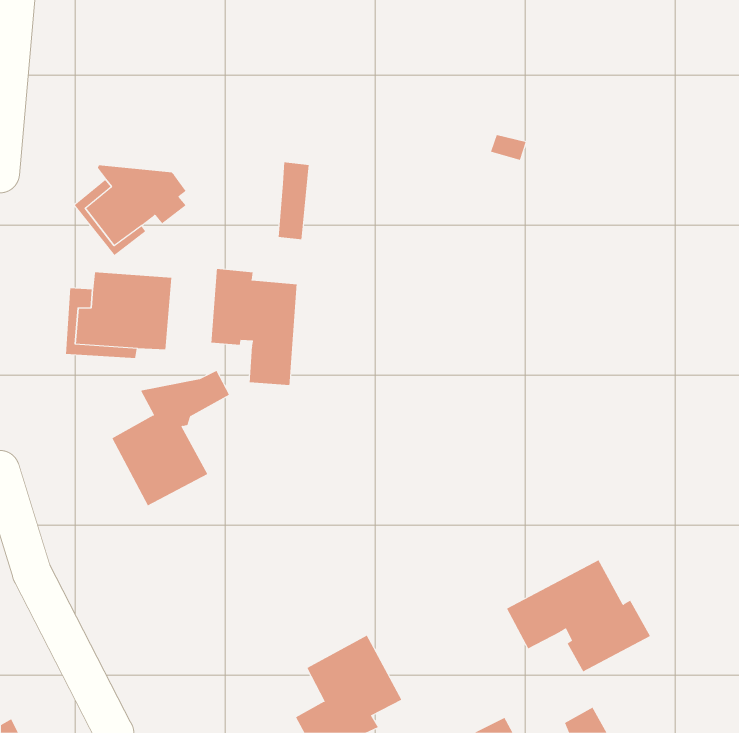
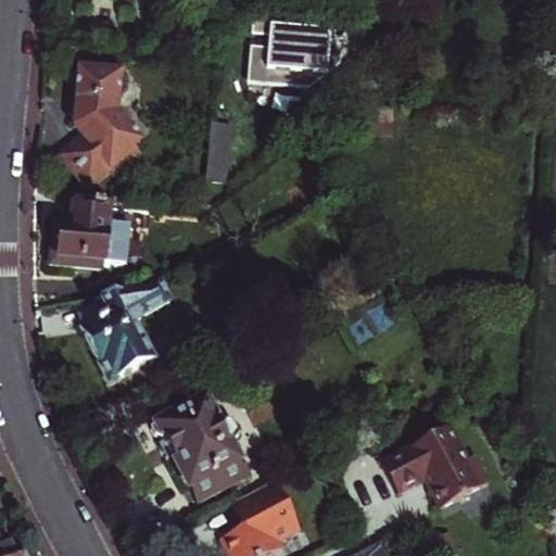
building: none -> [247,12,339,88]
building: none -> [74,70,129,129]
building: [211,268,297,386] -> none
building: none -> [151,395,249,501]

